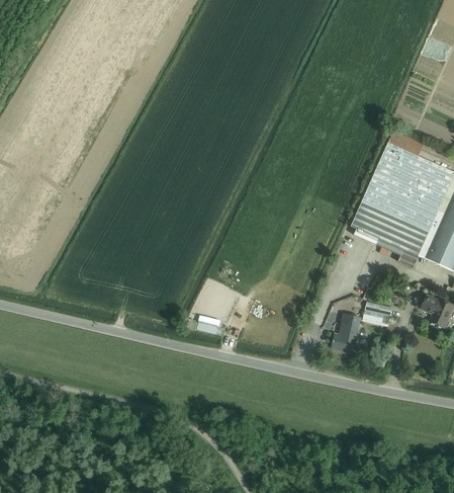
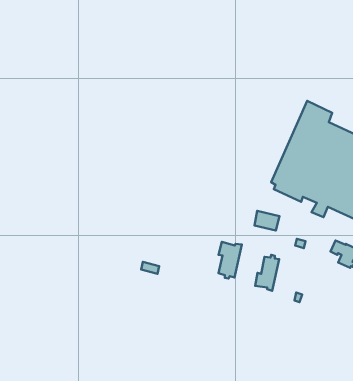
building: none -> [218,242,242,279]
building: [363,301,392,324] -> [255,211,279,231]

